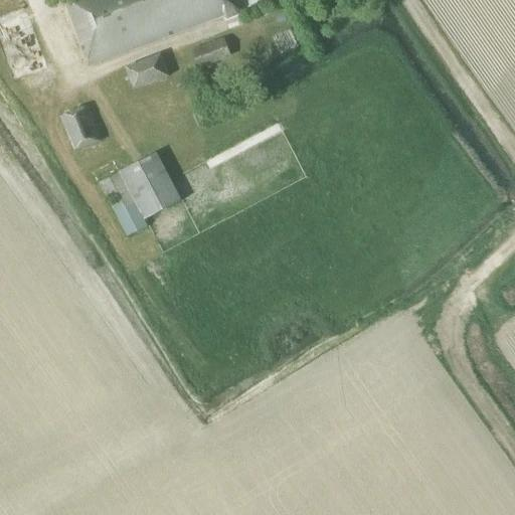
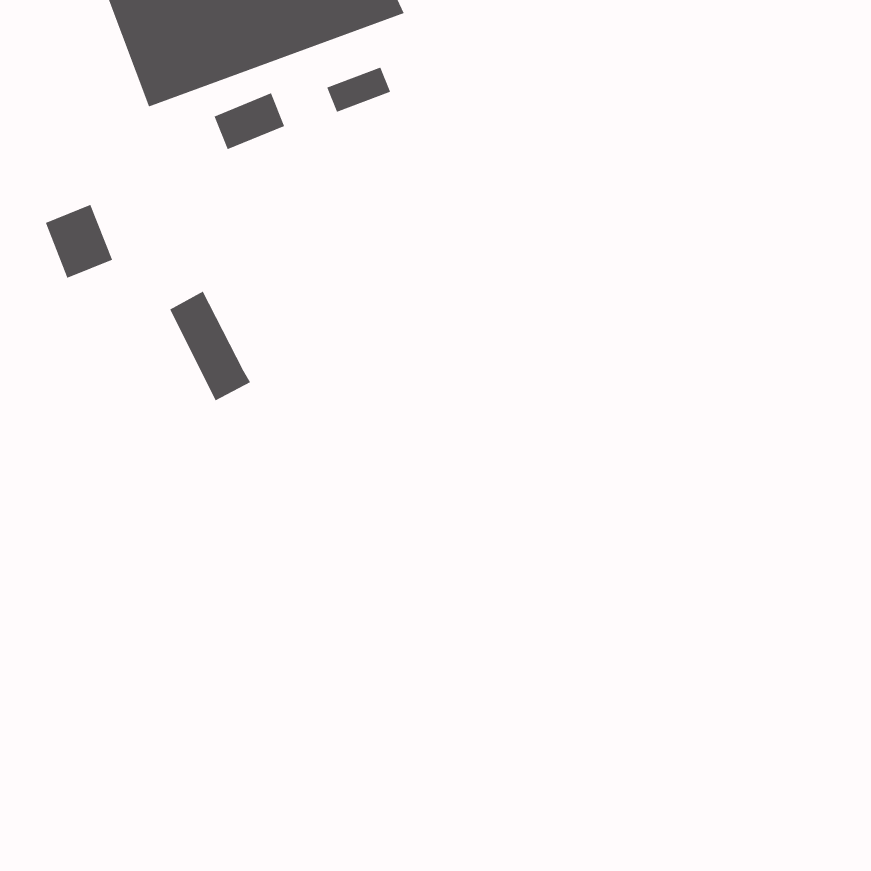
building: [61,106,102,150] -> [45,204,113,279]
building: [121,153,181,218] -> none

